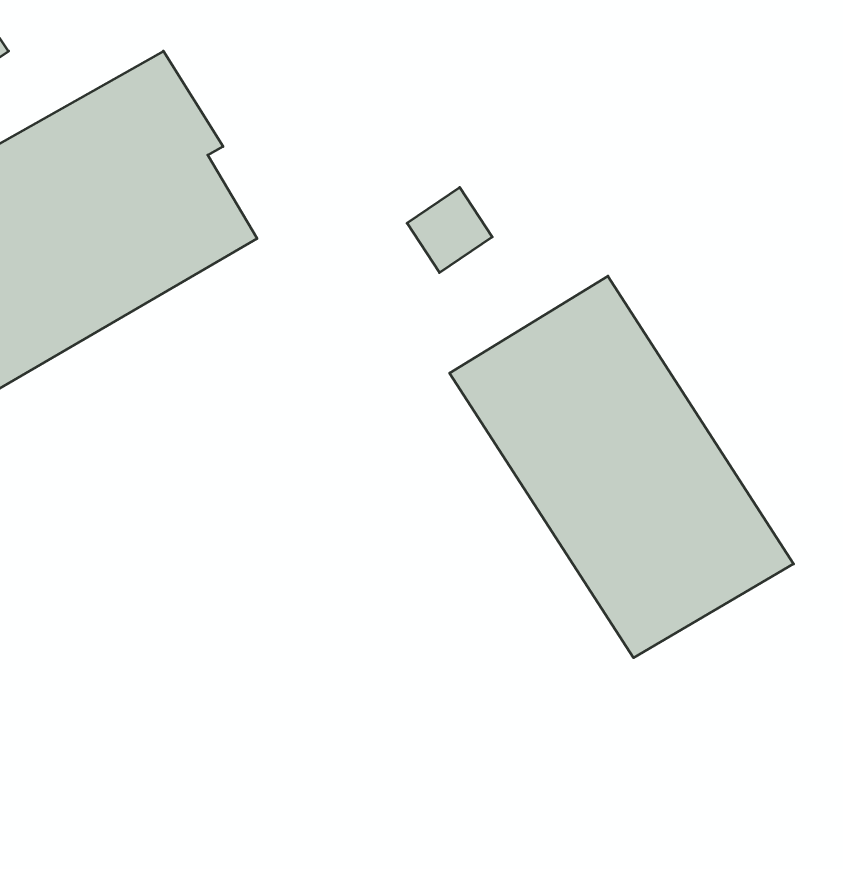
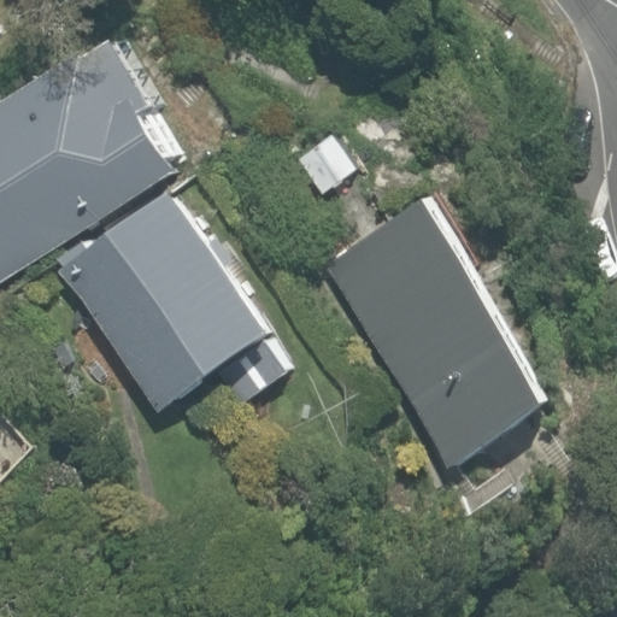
building: none -> [57,186,282,411]

